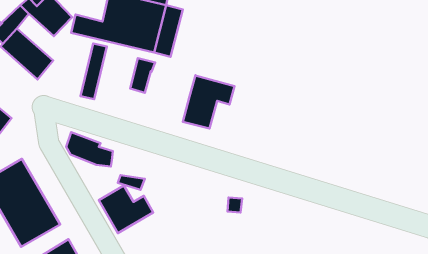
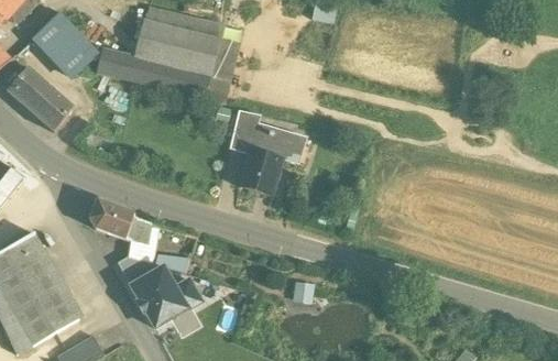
building: [80,43,107,99] -> none
building: [130,58,155,93] -> [228,109,260,153]
building: none -> [117,256,163,285]

